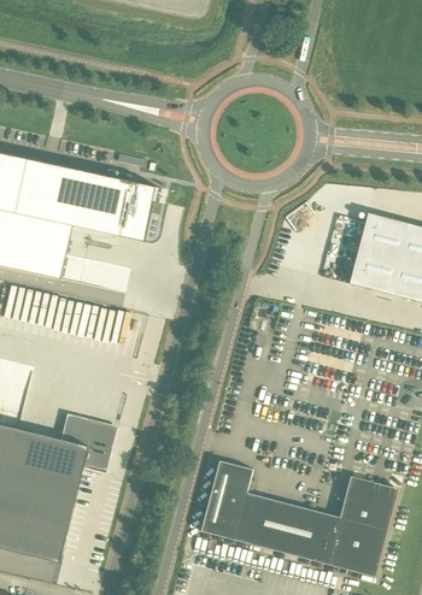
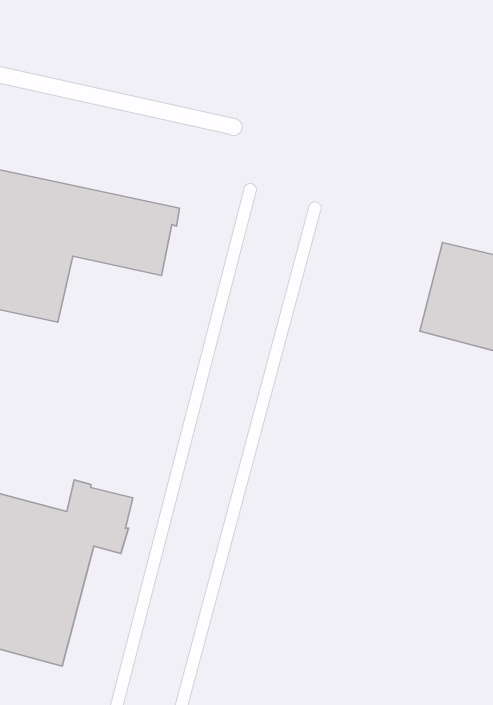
building: [200,461,397,577] -> none

